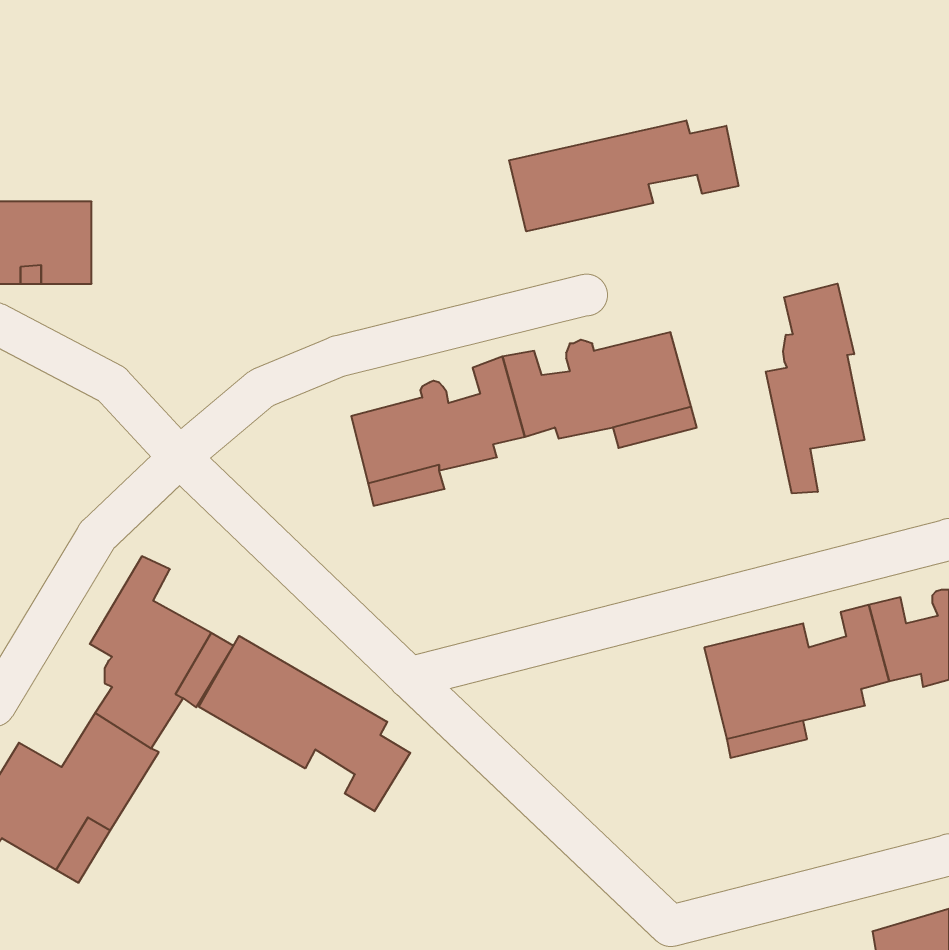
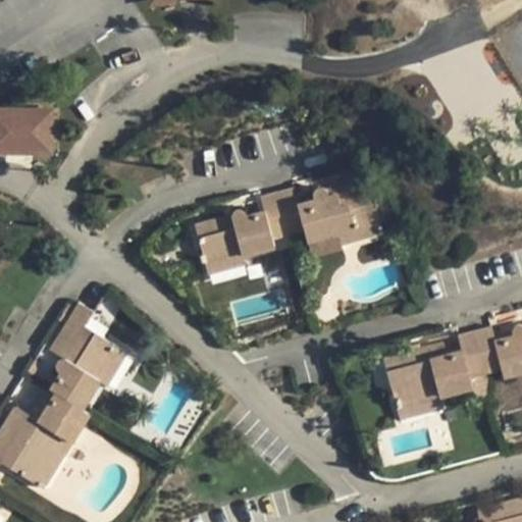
building: [509,120,738,231] -> none
building: [766,284,864,493] -> none
building: [199,636,410,811] -> none

